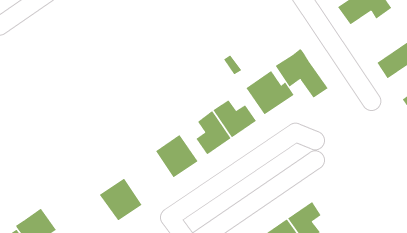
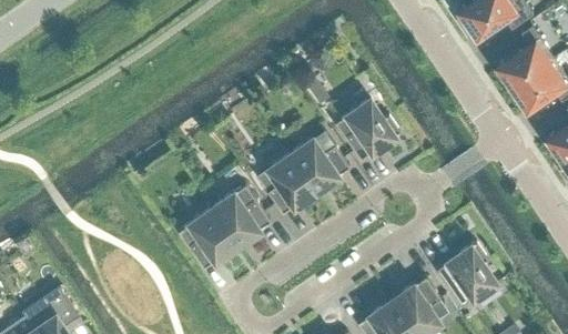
building: none -> [497,28,550,88]
building: [275,48,328,99] -> none
building: none -> [438,243,498,307]
building: [99,178,142,221] -> [180,210,239,269]

